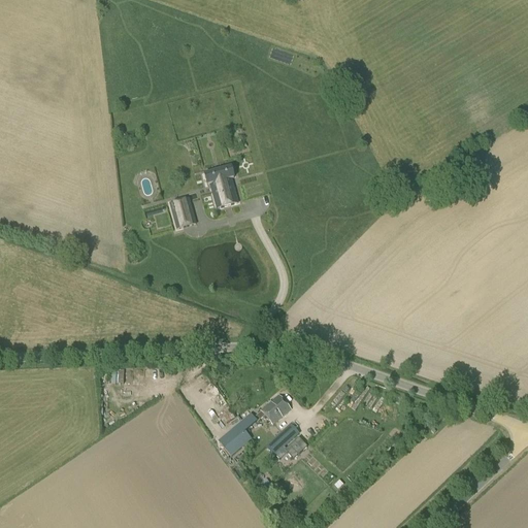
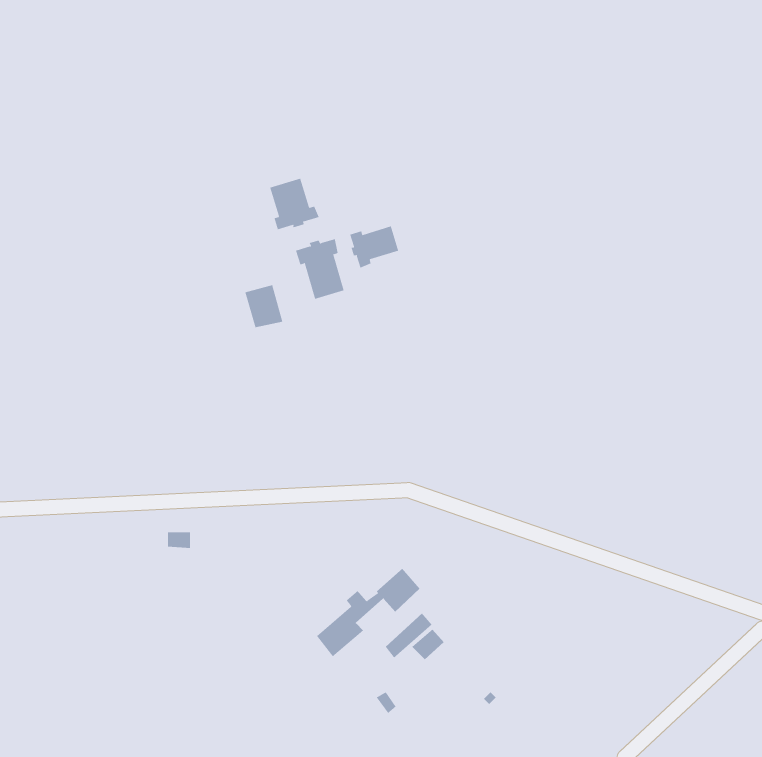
building: none -> [269,178,319,230]
building: none -> [350,226,399,269]

